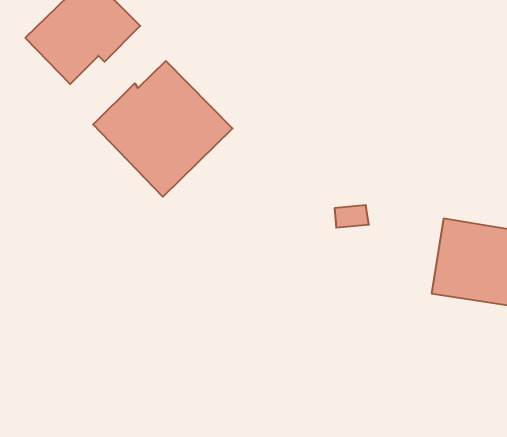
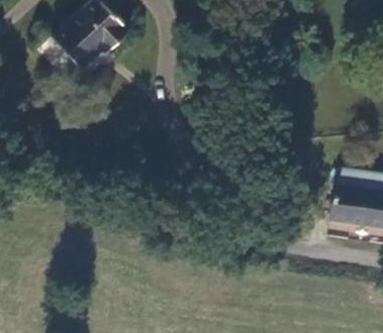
building: [93,61,233,197] -> none

